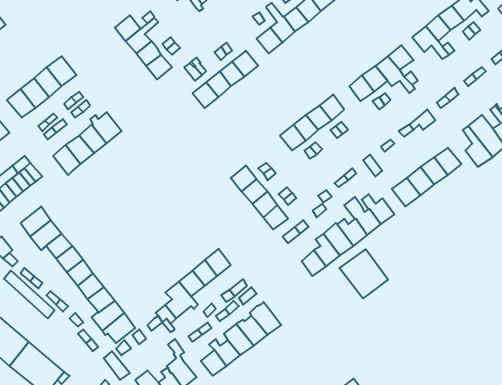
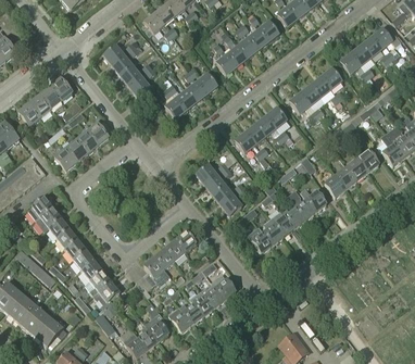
building: [339,249,388,298] -> none

